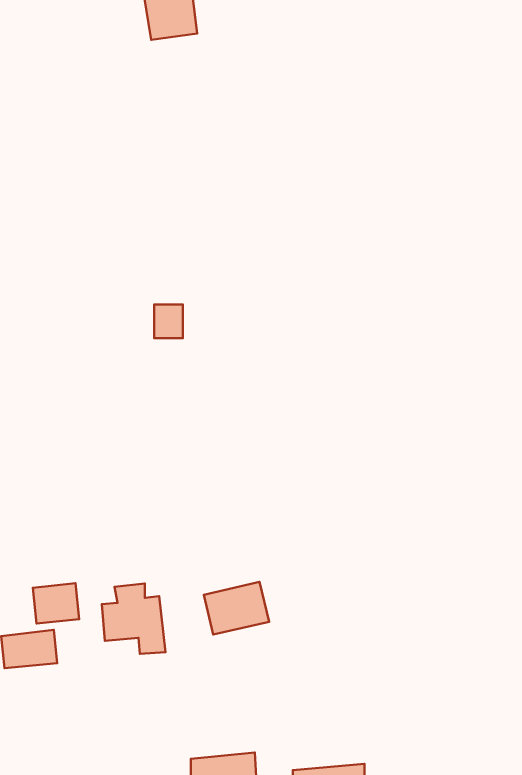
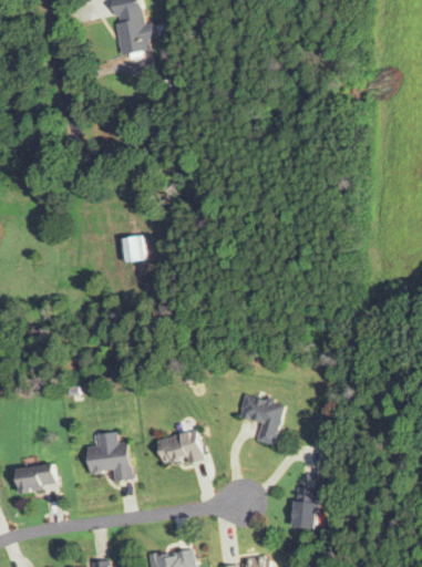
building: none -> [237,394,284,444]
building: [33,583,79,623] -> none
building: none -> [294,486,317,528]

